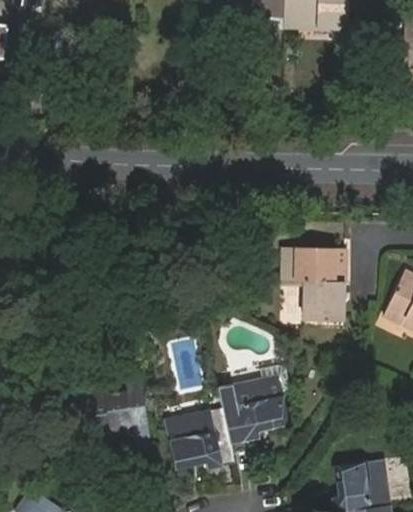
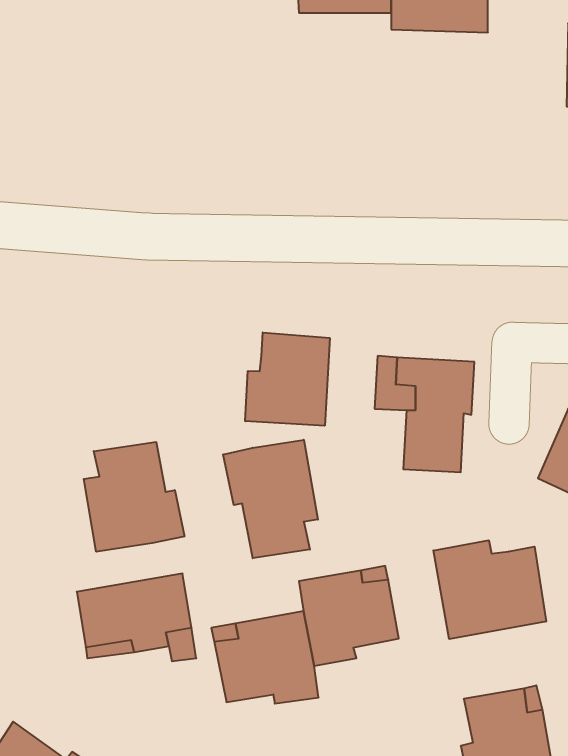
building: none -> [245,332,330,426]
building: none -> [223,440,318,558]
building: none -> [84,442,184,552]
building: none -> [433,540,546,639]

